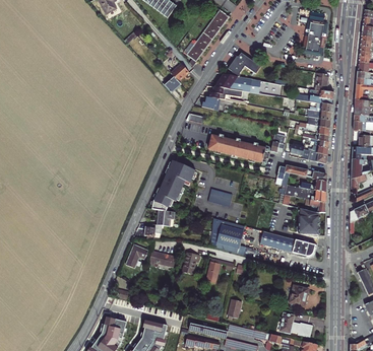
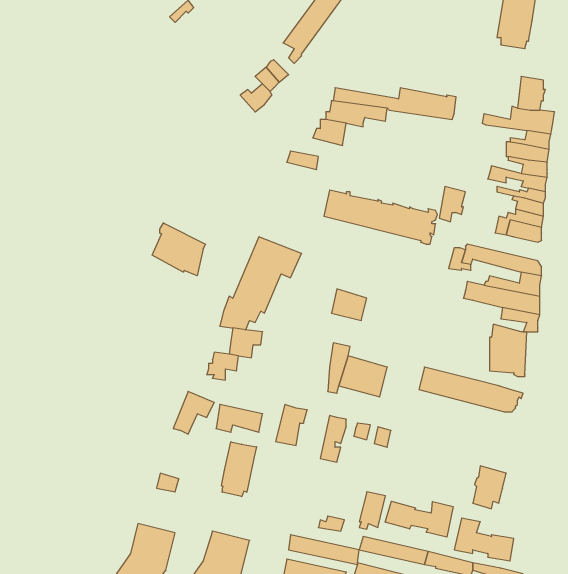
building: [225,53,260,77] -> none
building: none -> [152,223,206,276]
building: none -> [222,442,257,497]
building: none -> [385,501,453,537]

